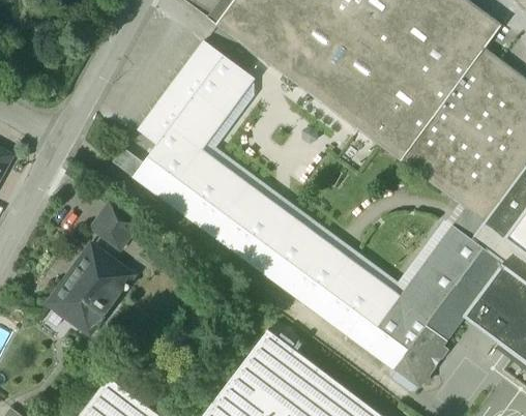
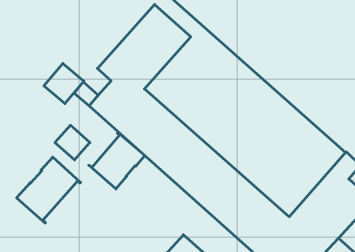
building: none -> [44,63,84,104]
building: none -> [89,133,145,189]

